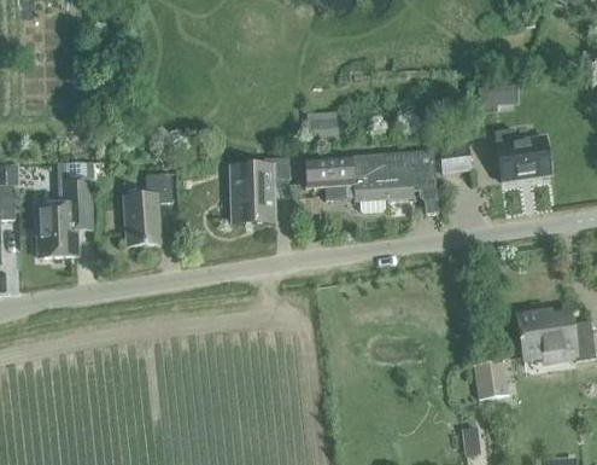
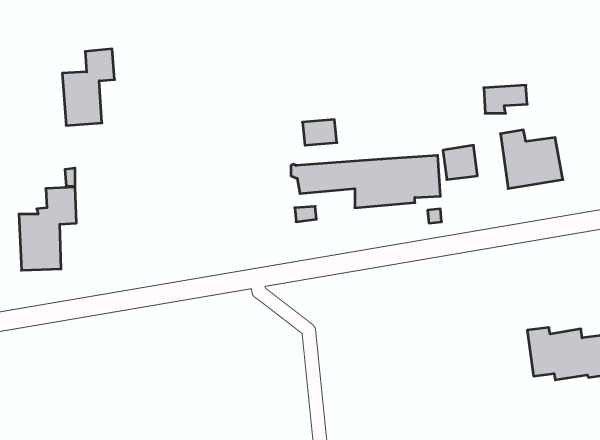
building: [229,157,287,221] -> none
building: [124,174,174,246] -> [62,49,115,125]
building: [472,360,507,399] -> none

